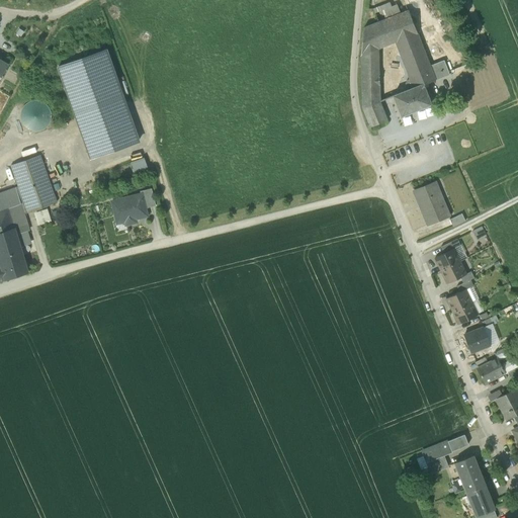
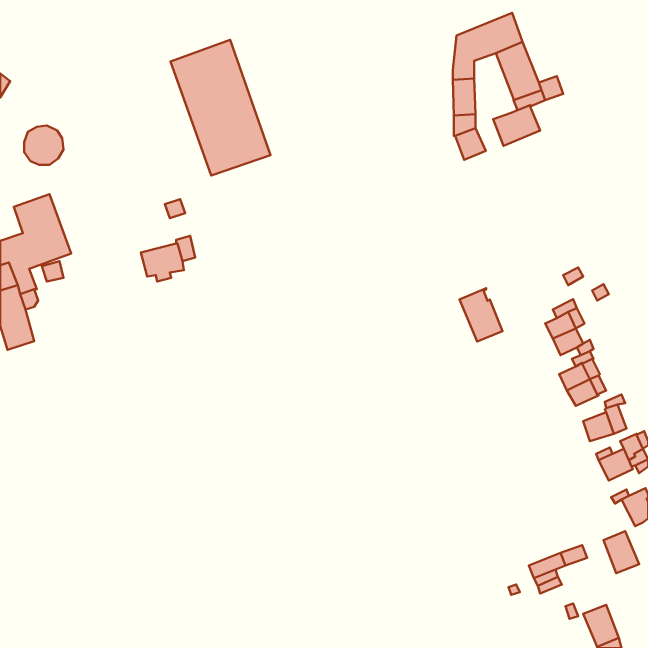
building: [59,50,139,158] -> [170,40,271,176]
building: [414,182,448,225] -> [459,288,503,341]
building: [455,456,484,490] -> [604,531,639,573]

